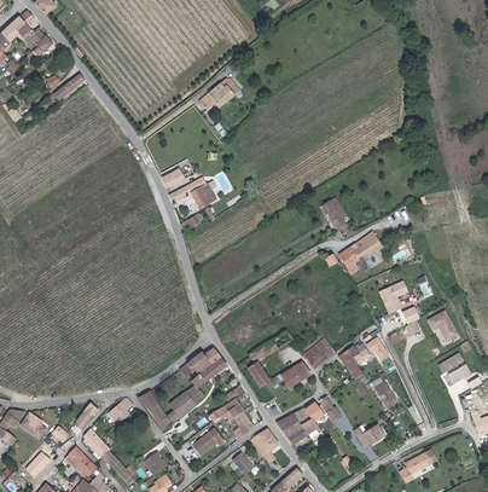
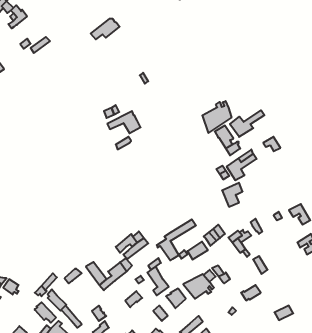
building: [201,80,242,109] -> [91,19,120,39]
building: none -> [202,101,231,133]
building: none -> [230,110,264,137]
building: [378,279,407,313] -> [222,183,243,207]

